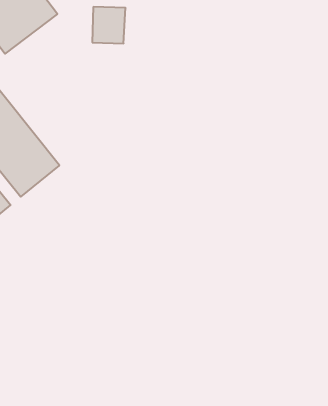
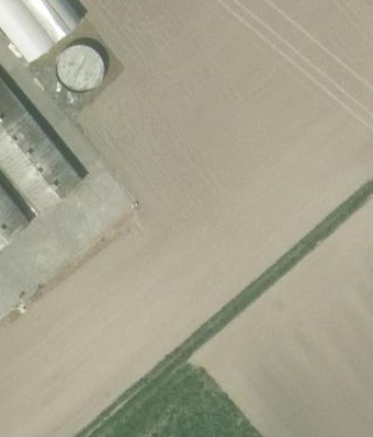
building: [92,7,126,43] -> [57,46,92,84]

